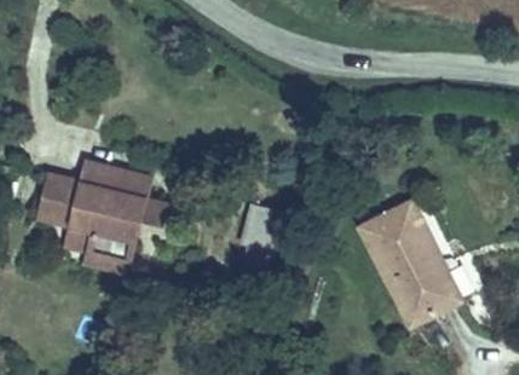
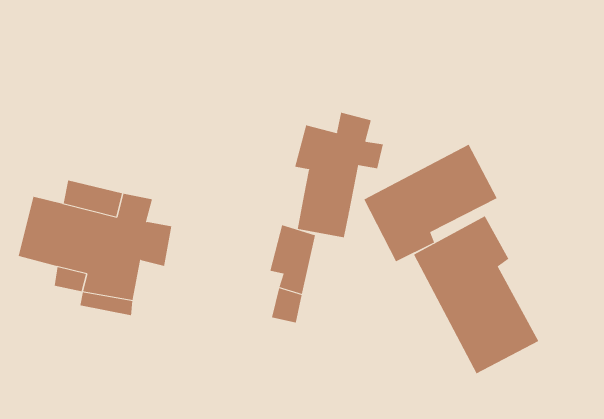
building: none -> [295,112,384,238]
building: none -> [364,144,497,262]

